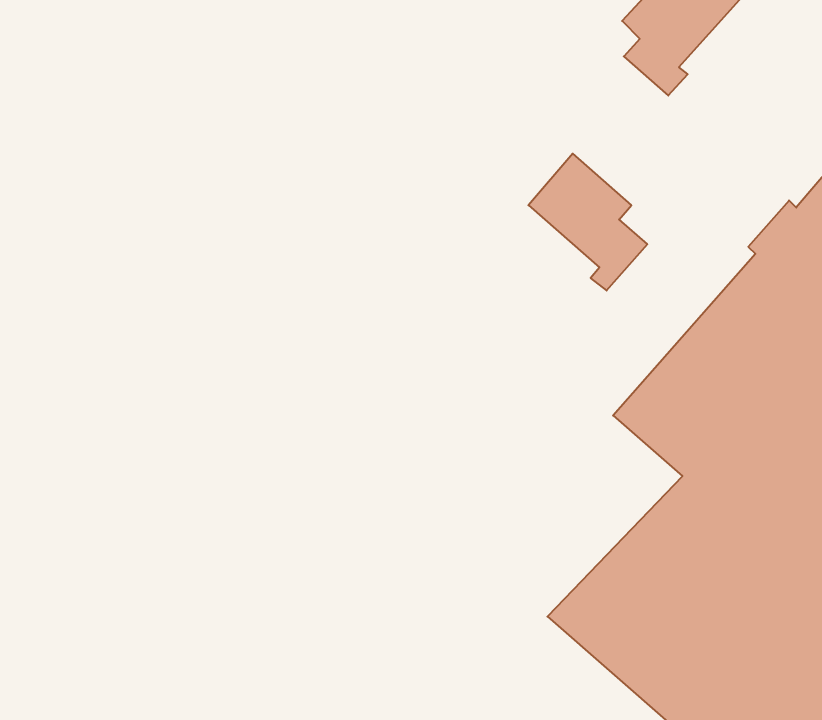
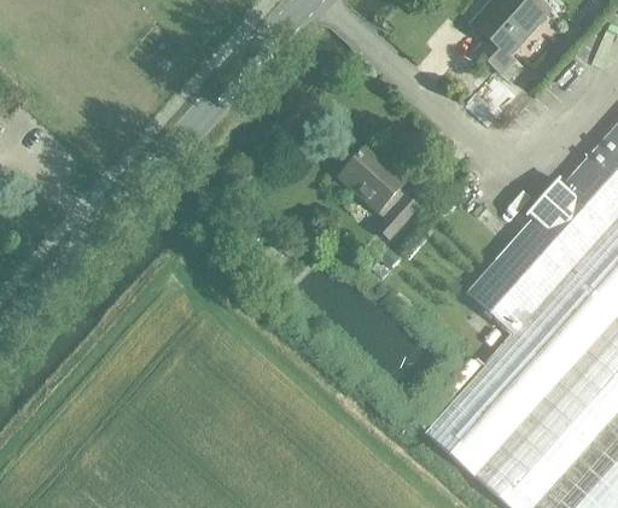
building: [528,154,647,291] -> [338,142,419,235]

